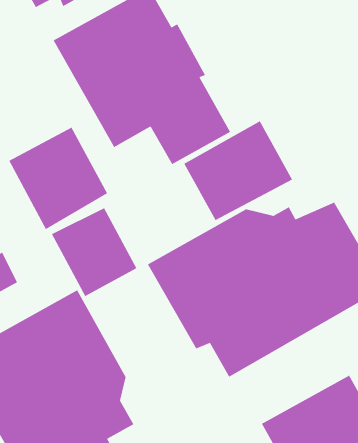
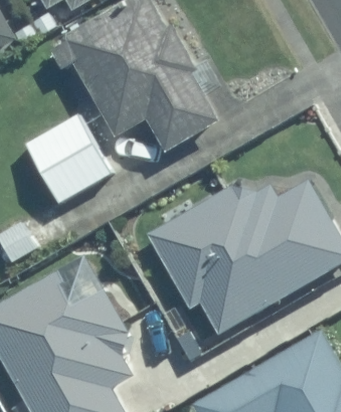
building: [183,120,293,221] -> none
building: [51,207,137,297] -> none

